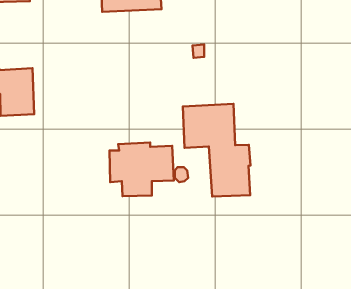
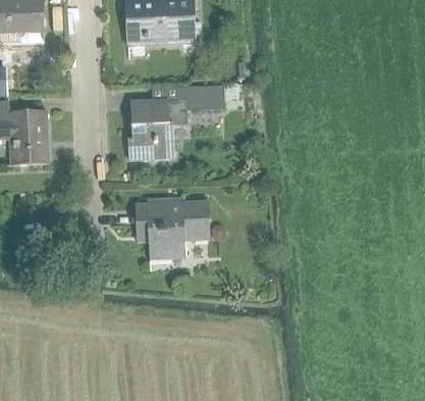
building: none -> [128,86,218,160]
building: [183,104,251,197] -> none

